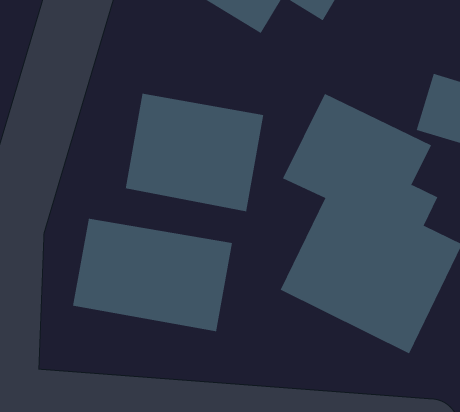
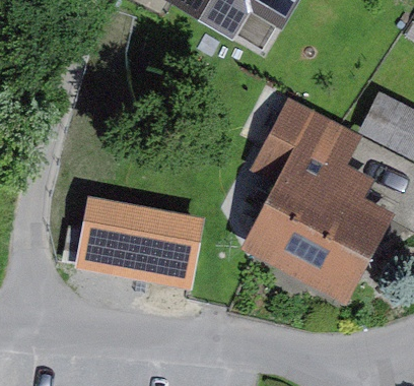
building: [125,93,264,212] -> none

